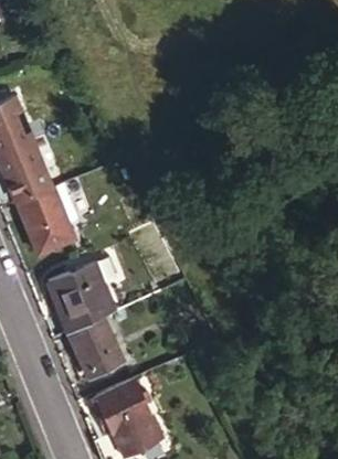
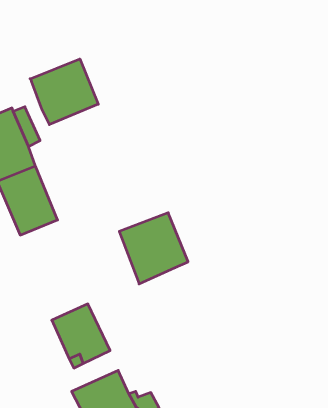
building: none -> [30,59,98,125]
building: [50,265,115,332] -> [119,213,188,284]

